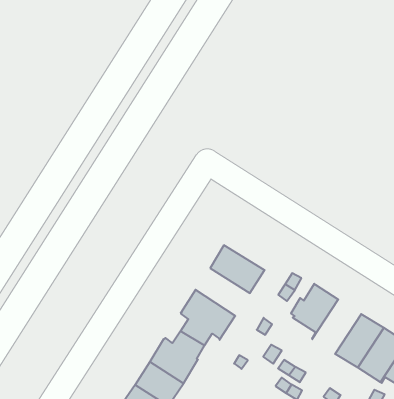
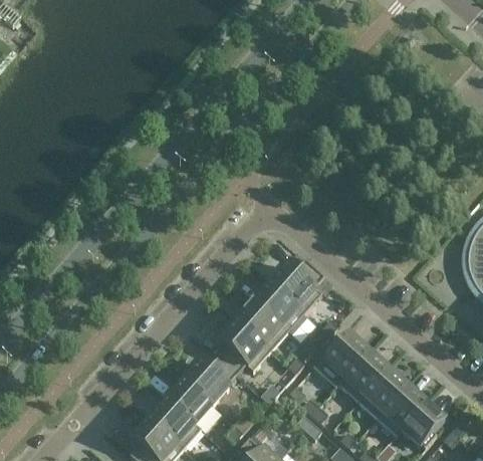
building: none -> [270,259,324,313]
building: none -> [237,303,287,352]
building: none -> [338,352,388,402]

